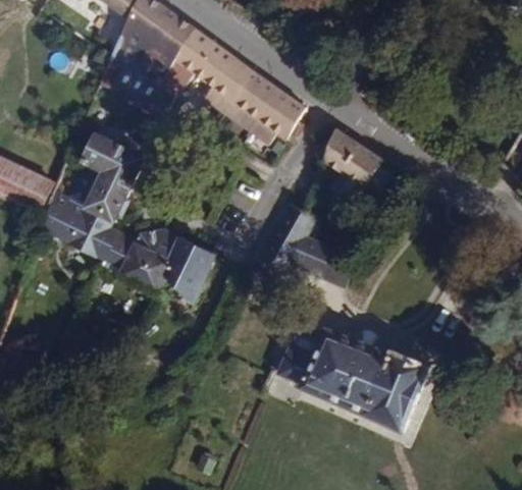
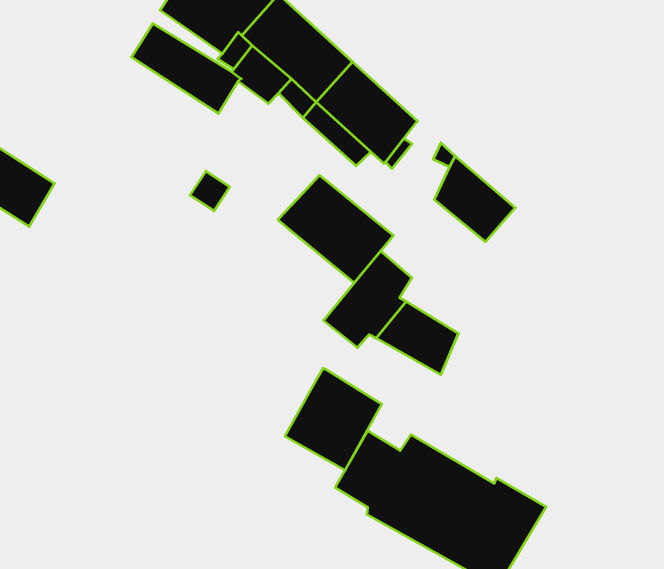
building: [42,134,215,308] -> none
building: none -> [278,175,393,283]
building: none -> [285,368,382,470]

